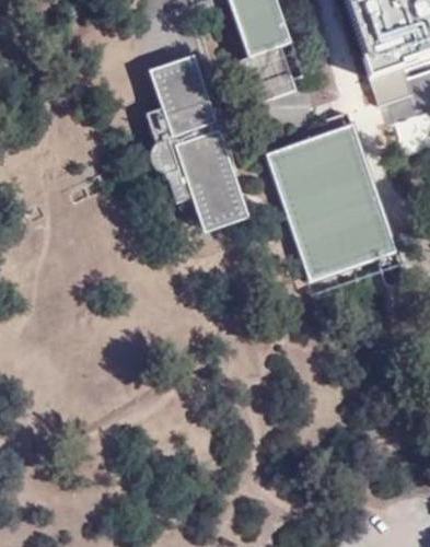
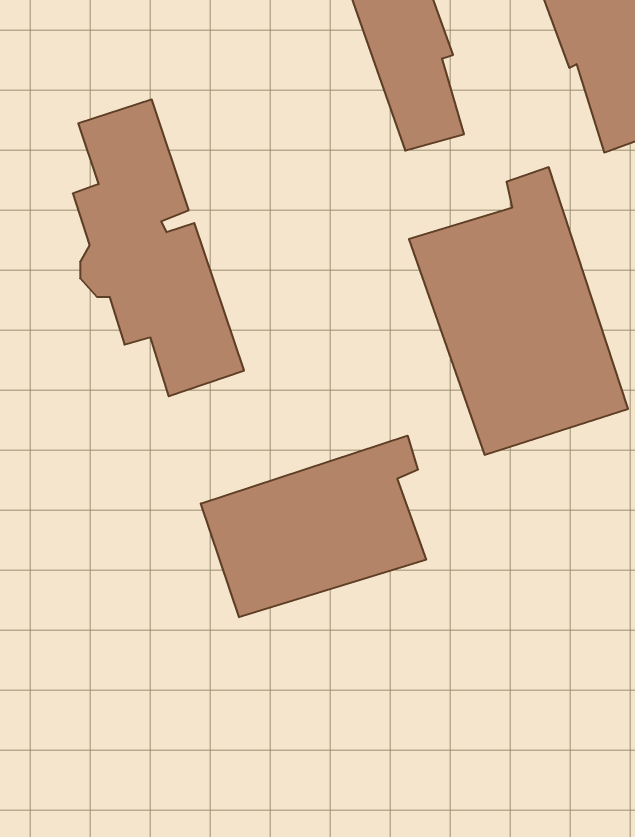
building: [147,55,248,231] -> [73,100,244,396]
building: none -> [201,436,426,617]

